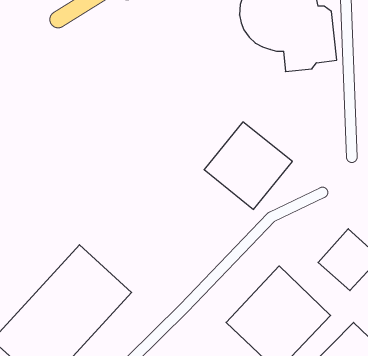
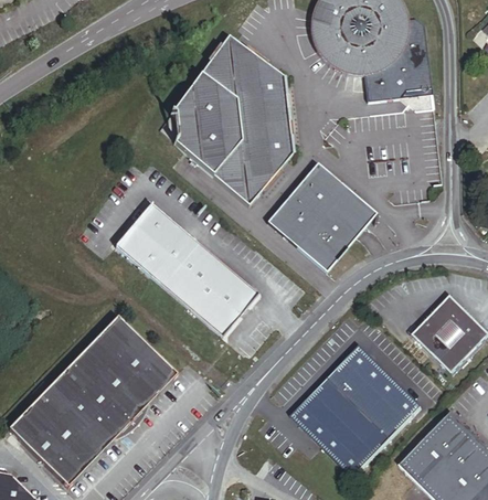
building: none -> [153,35,293,210]
building: none -> [107,200,257,337]

